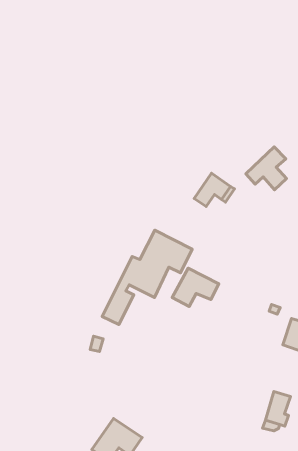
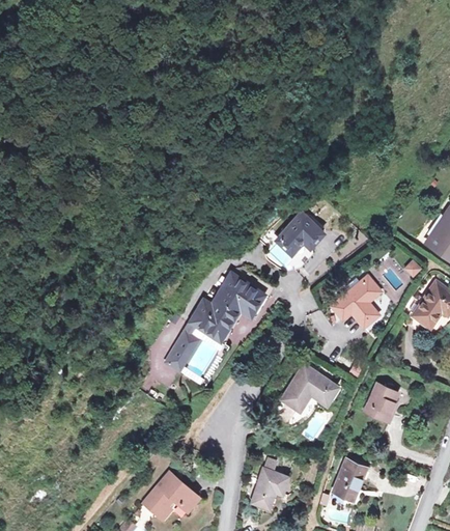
building: [246,147,287,190] -> [335,278,381,326]
building: [172,268,219,306] -> [283,362,336,404]
building: none -> [245,474,280,513]

